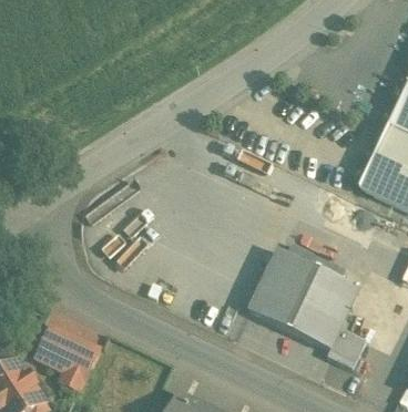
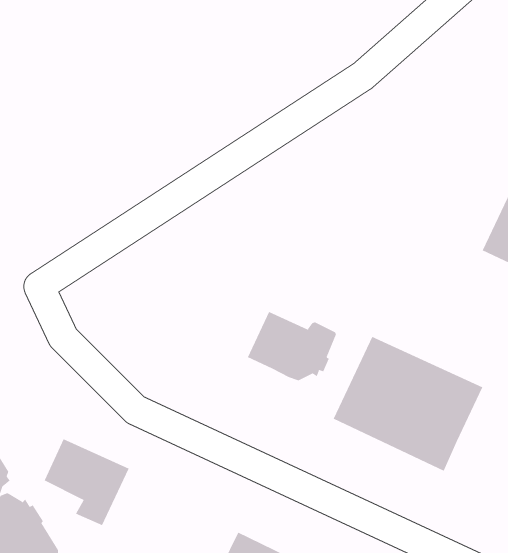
building: none -> [247,311,337,381]
building: [328,327,366,367] -> none

